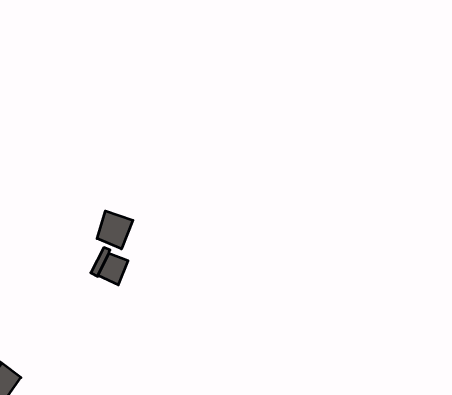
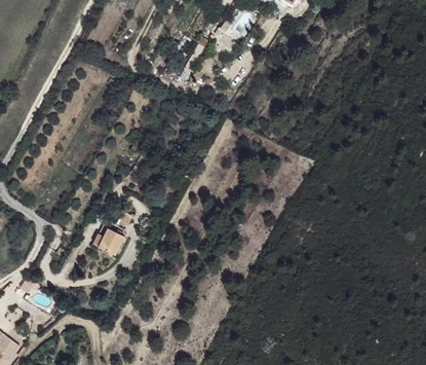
building: [97,211,133,249] -> none

